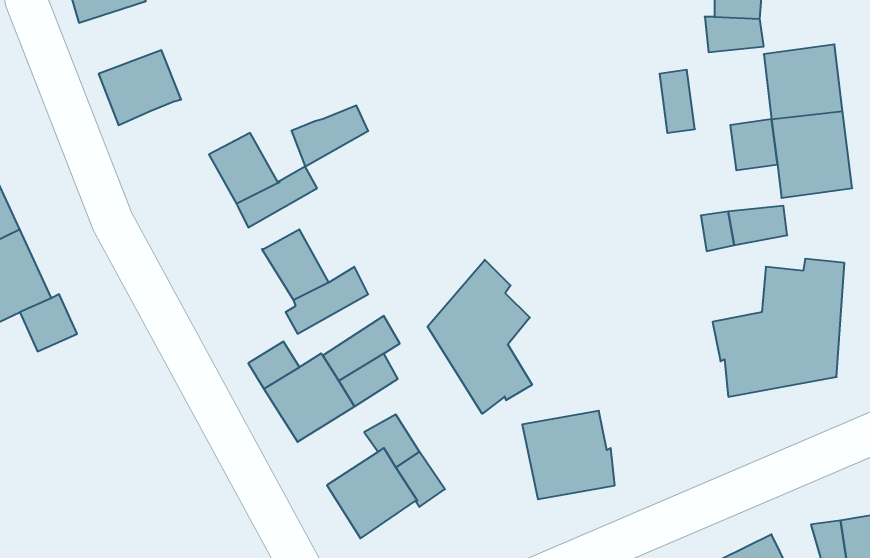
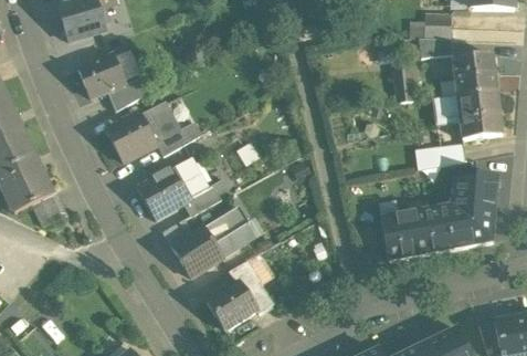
building: [291,105,368,166] -> [107,76,150,111]
building: none -> [105,112,157,163]
building: none -> [136,167,189,220]
building: [428,260,532,414] -> none
building: [522,411,615,499] -> [380,209,432,259]

